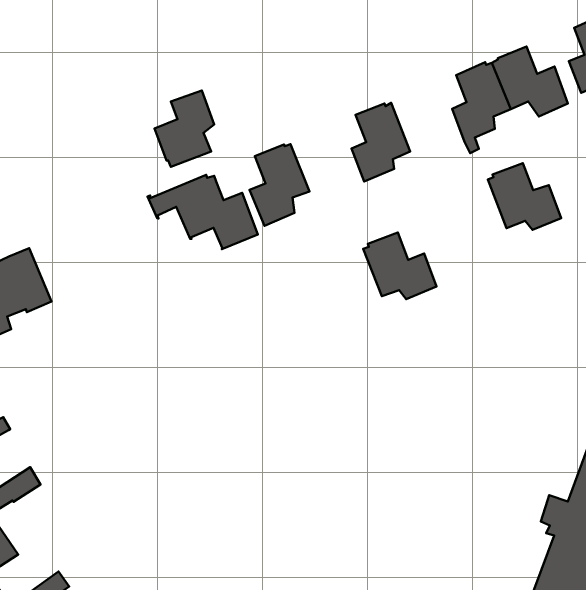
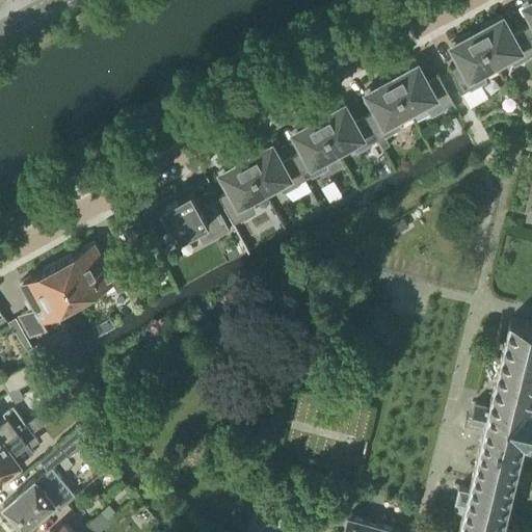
building: [155,90,214,167] -> none
building: [488,163,561,230] -> [320,107,379,158]
building: none -> [58,245,136,304]
building: [363,233,436,299] -> [247,148,307,197]

